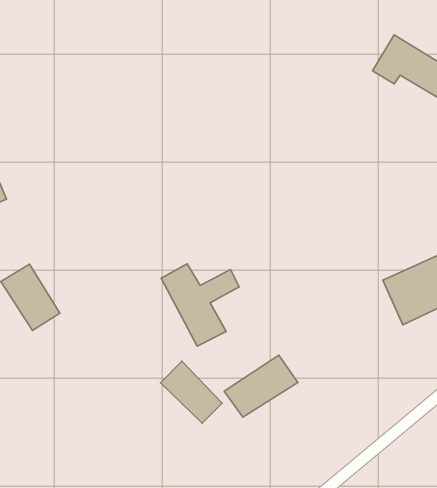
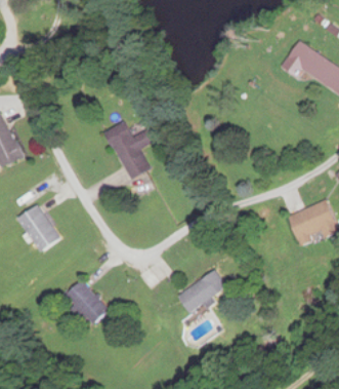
building: [161,264,239,346] -> [104,121,160,180]
building: [160,361,222,423] -> [66,280,110,324]

